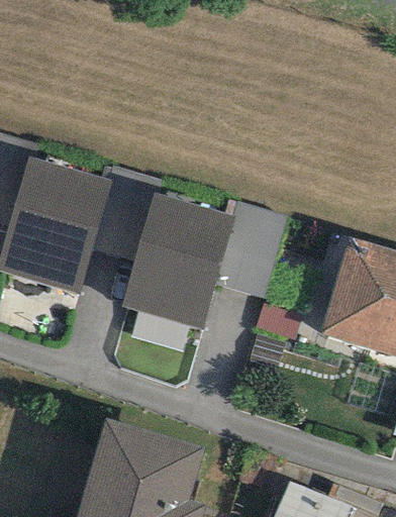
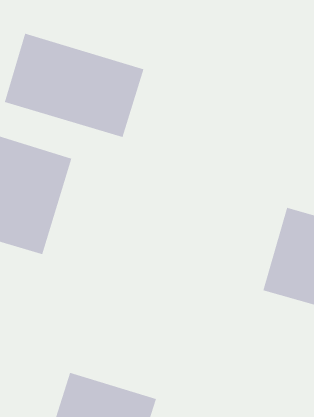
building: none -> [4,33,144,138]
building: [121,213,236,344] -> none

